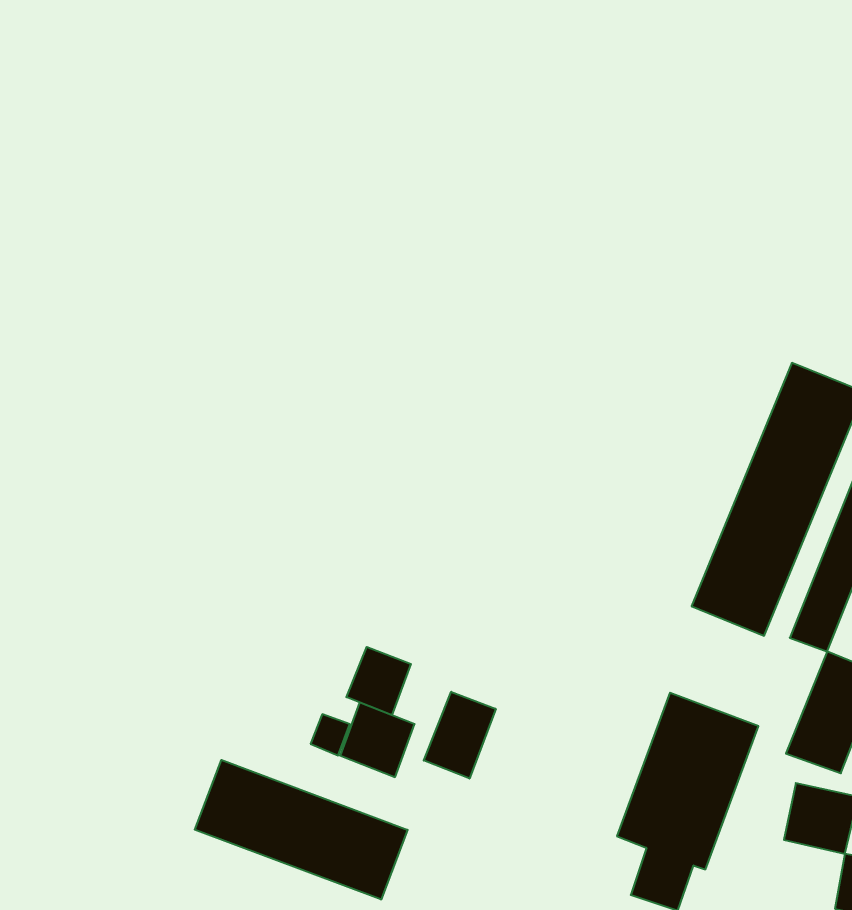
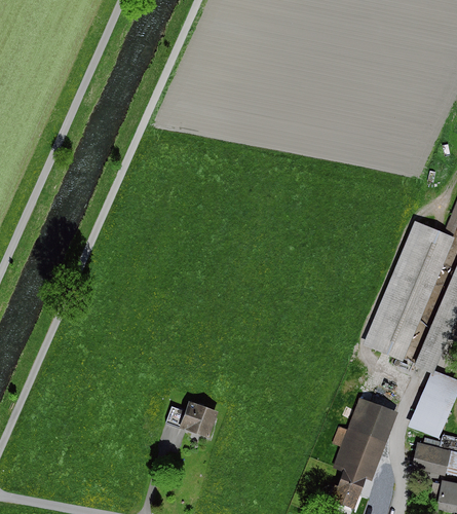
building: [346,647,411,715] -> none
building: [424,692,496,779] -> none
building: [195,760,408,900] -> none

